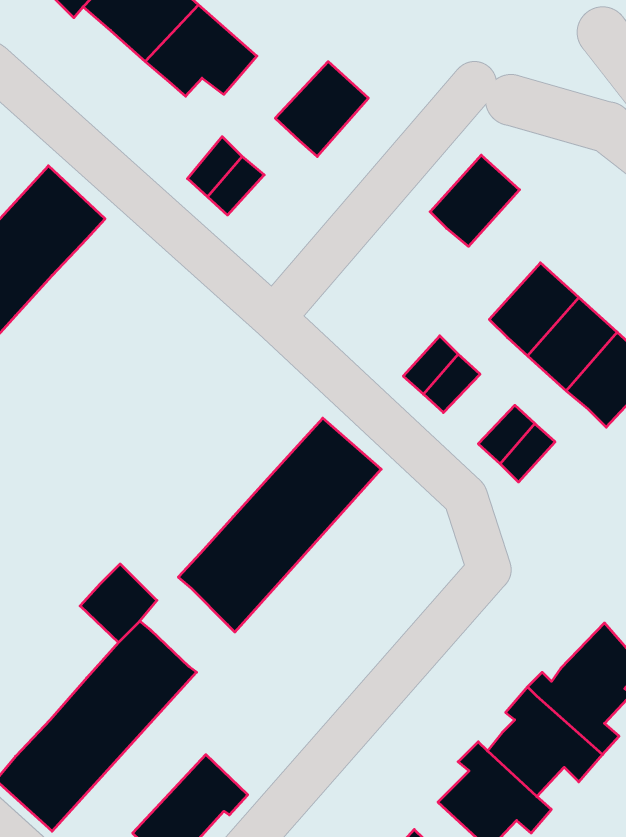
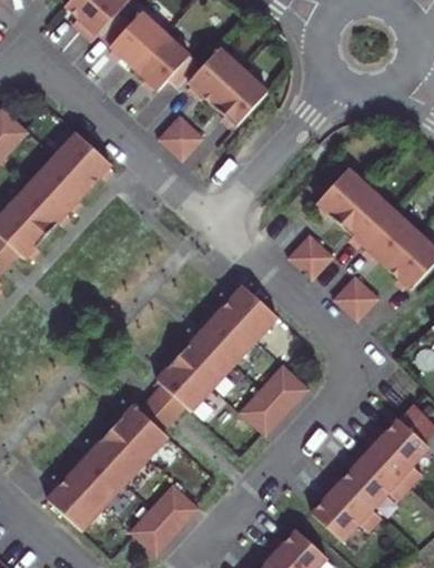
building: none -> [189,43,245,101]
building: [430,155,520,246] -> [320,168,374,223]
building: none -> [236,365,307,438]
building: [80,564,157,642] -> [138,386,184,434]

